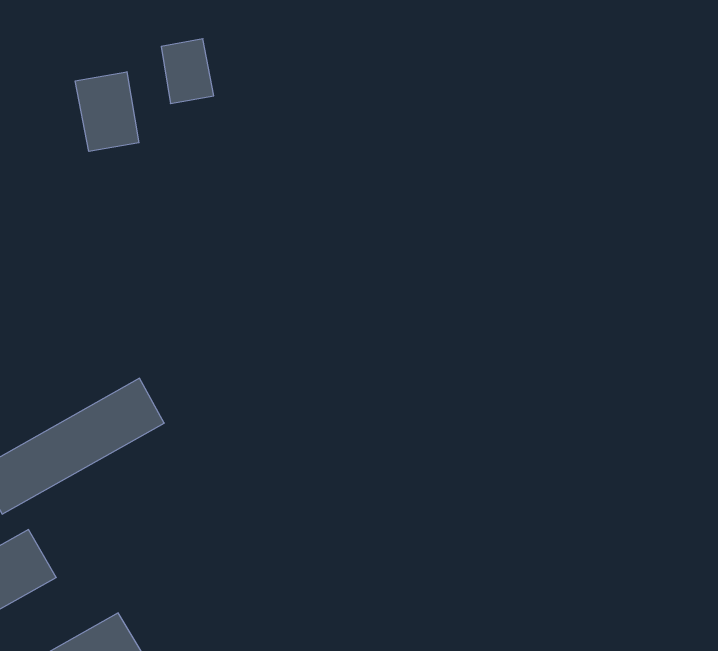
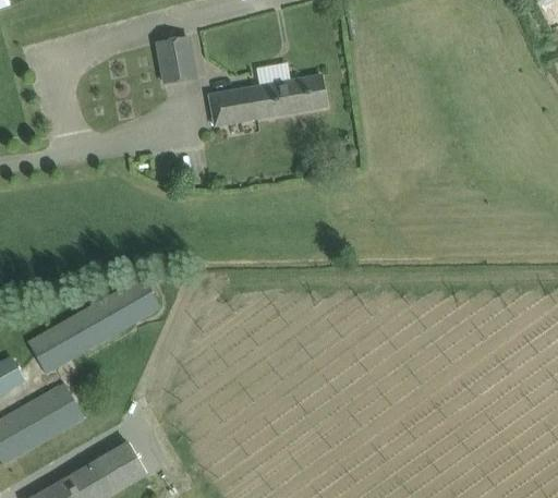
building: [75,72,139,151] -> none
building: none -> [209,74,326,125]

